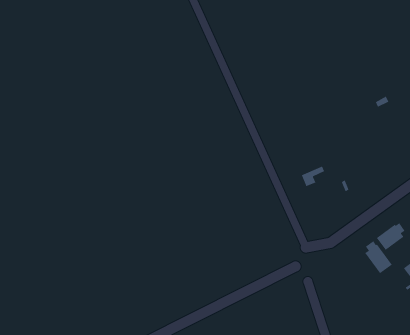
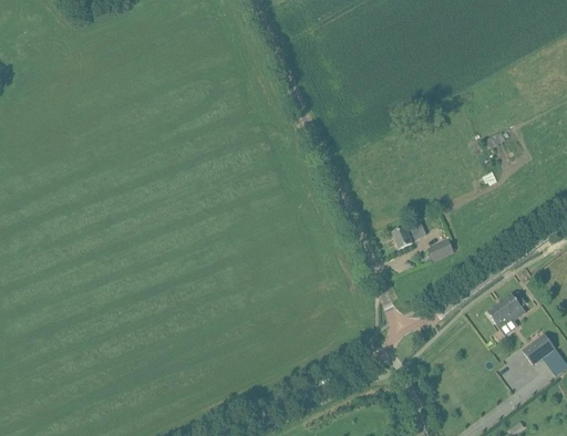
building: [364,240,393,274] -> none

